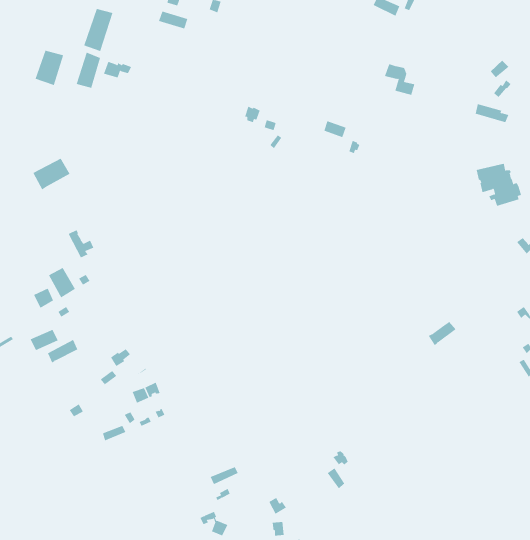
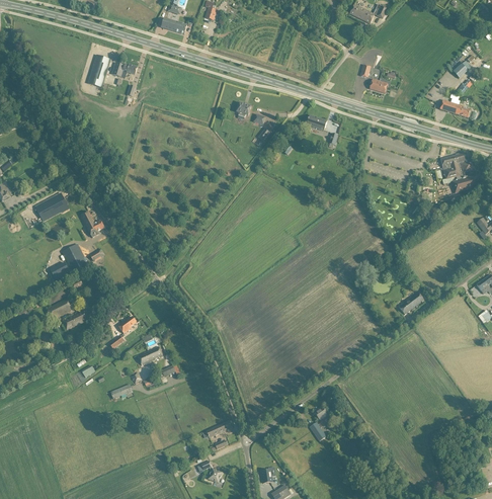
building: [83,8,113,52] -> none
building: [35,50,64,86] -> none
building: [33,158,70,190] -> [35,192,69,221]

